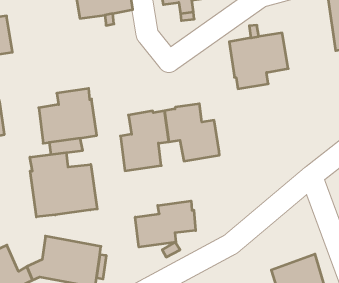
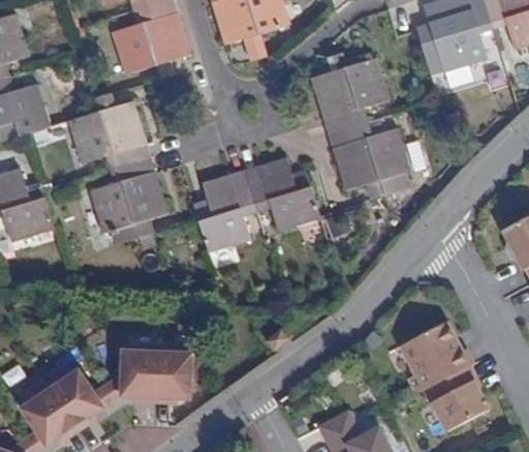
building: none -> [69,94,149,170]
building: none -> [331,122,410,200]
building: [30,153,97,217] -> none
building: [135,201,196,247] -> none

